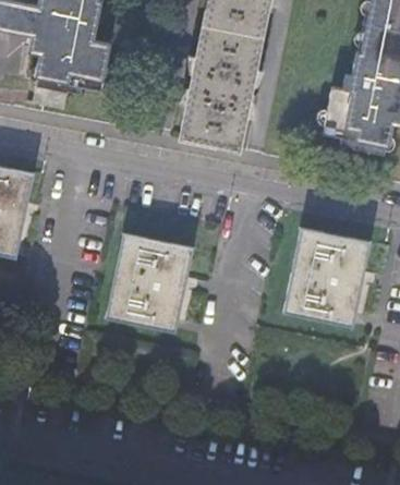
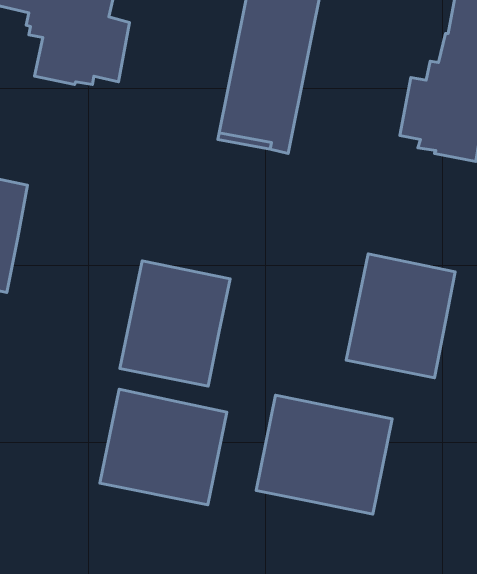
building: none -> [100,389,227,505]
building: none -> [256,395,392,514]

